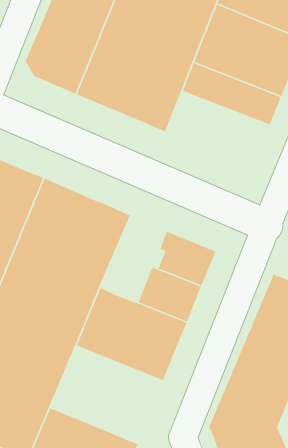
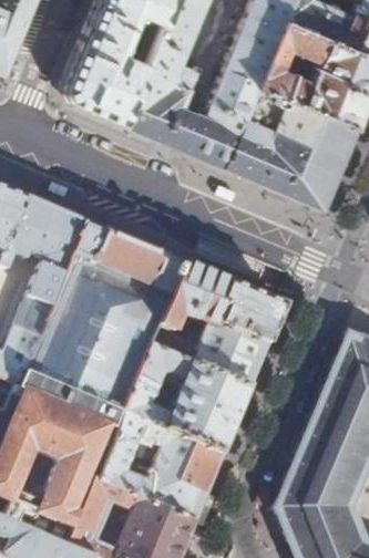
building: none -> [225,121,346,211]
building: none -> [150,264,226,359]
building: none -> [92,414,223,527]

